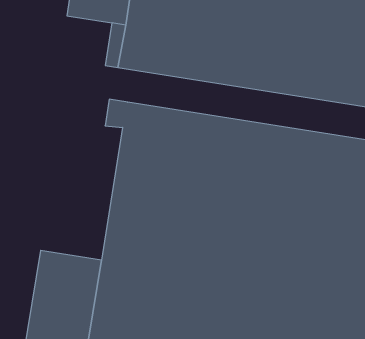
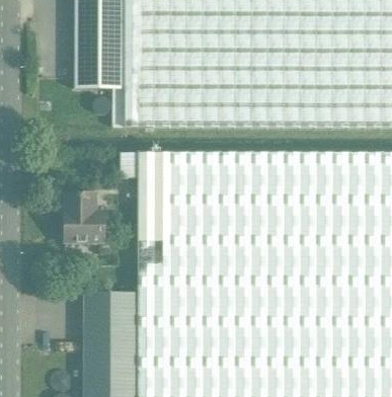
building: none -> [64,193,103,243]

